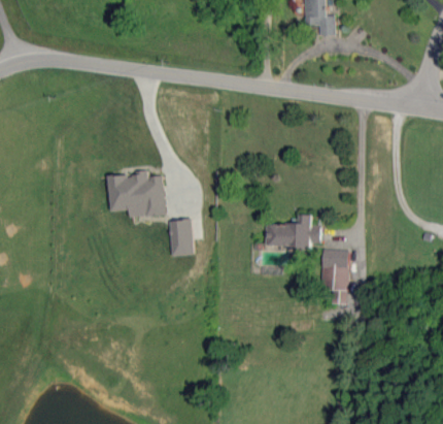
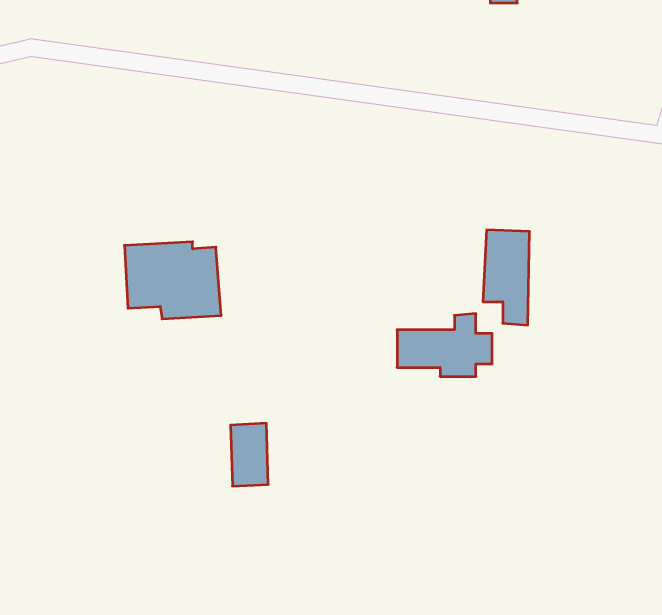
building: [169,220,191,256] -> [231,423,268,486]
building: [320,250,347,304] -> [483,230,530,325]

